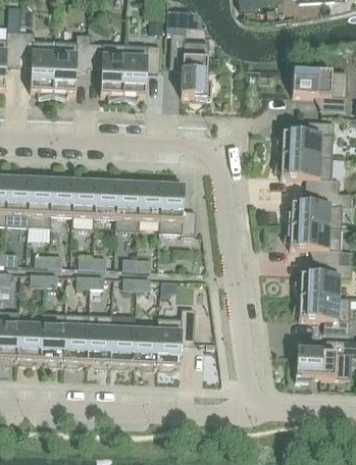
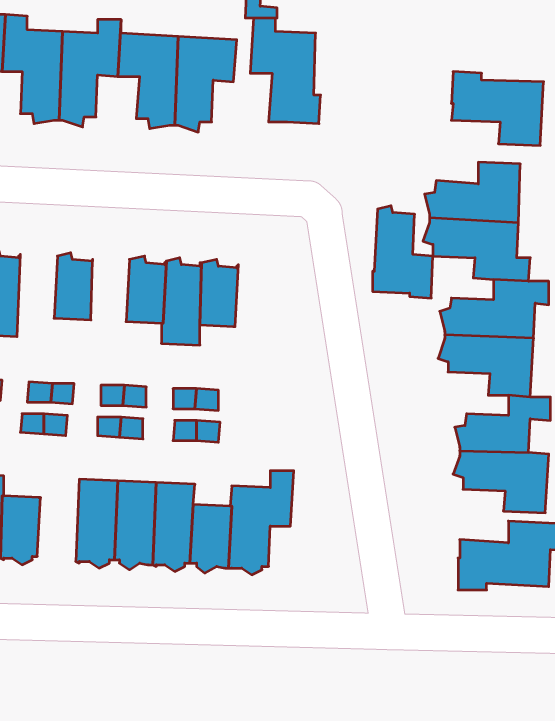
building: [28,175,52,227] -> none
building: [71,176,96,229] -> none
building: [159,180,196,237] -> [373,206,433,298]
building: [40,312,65,366] -> none

